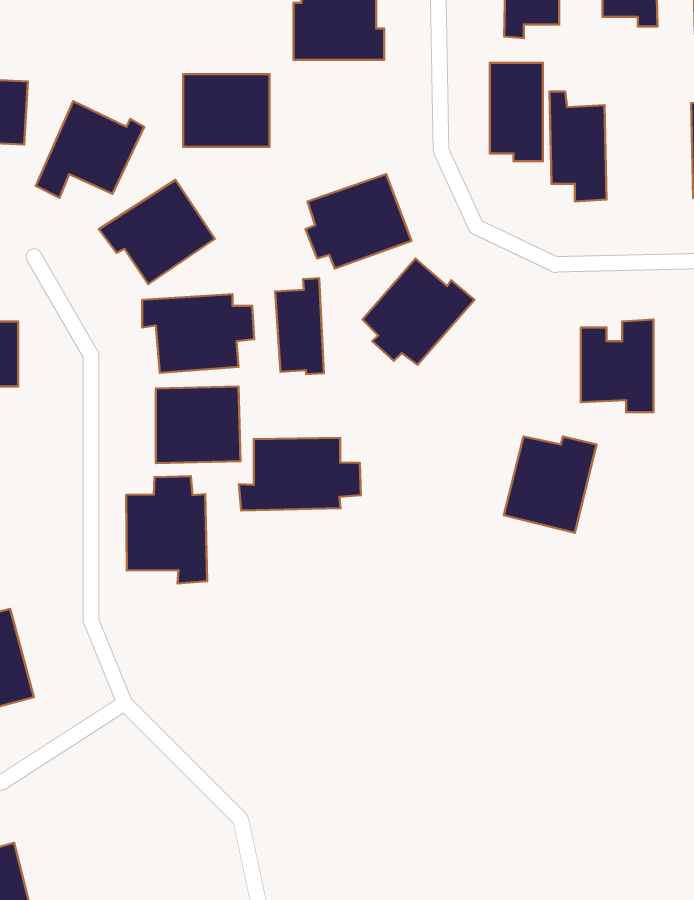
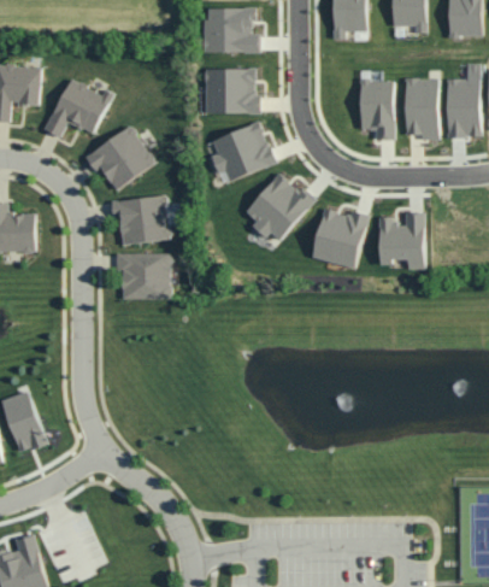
building: [490,63,543,161] -> [406,78,438,139]
building: [183,74,270,147] -> [205,69,258,113]
building: [275,278,324,374] -> none
building: [504,436,596,533] -> [312,210,369,269]
building: [239,438,361,510] -> none
building: [126,476,207,584] -> none

